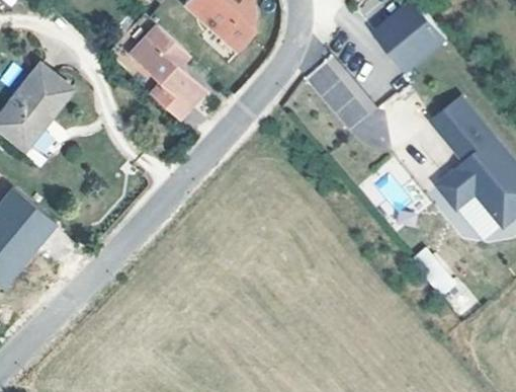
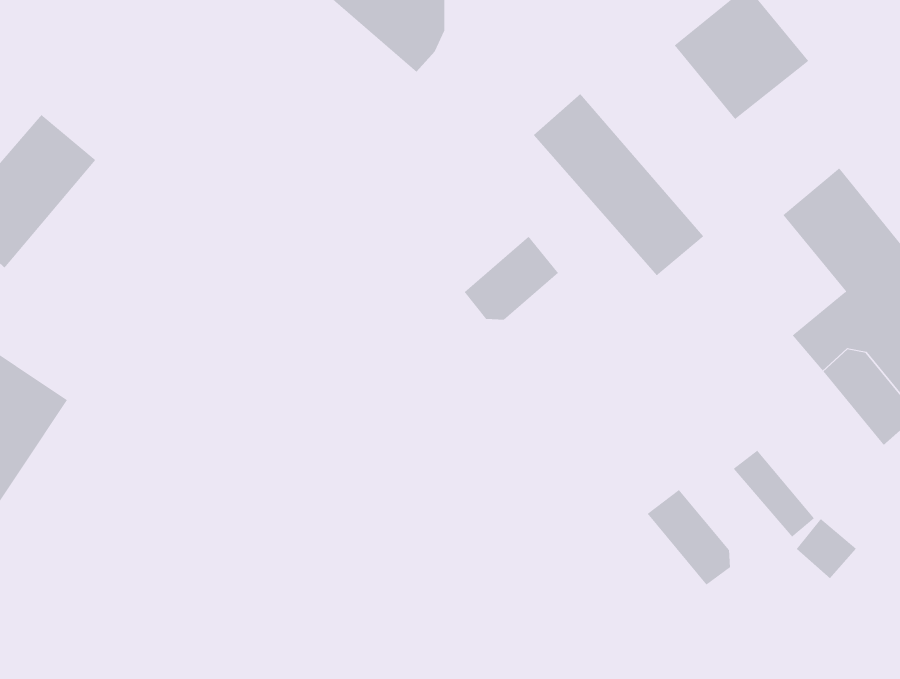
building: [122,20,199,116] -> none
building: none -> [464,236,559,320]
building: none -> [647,489,730,585]

